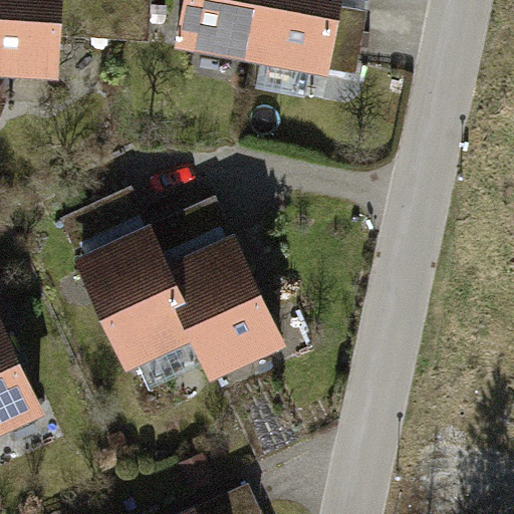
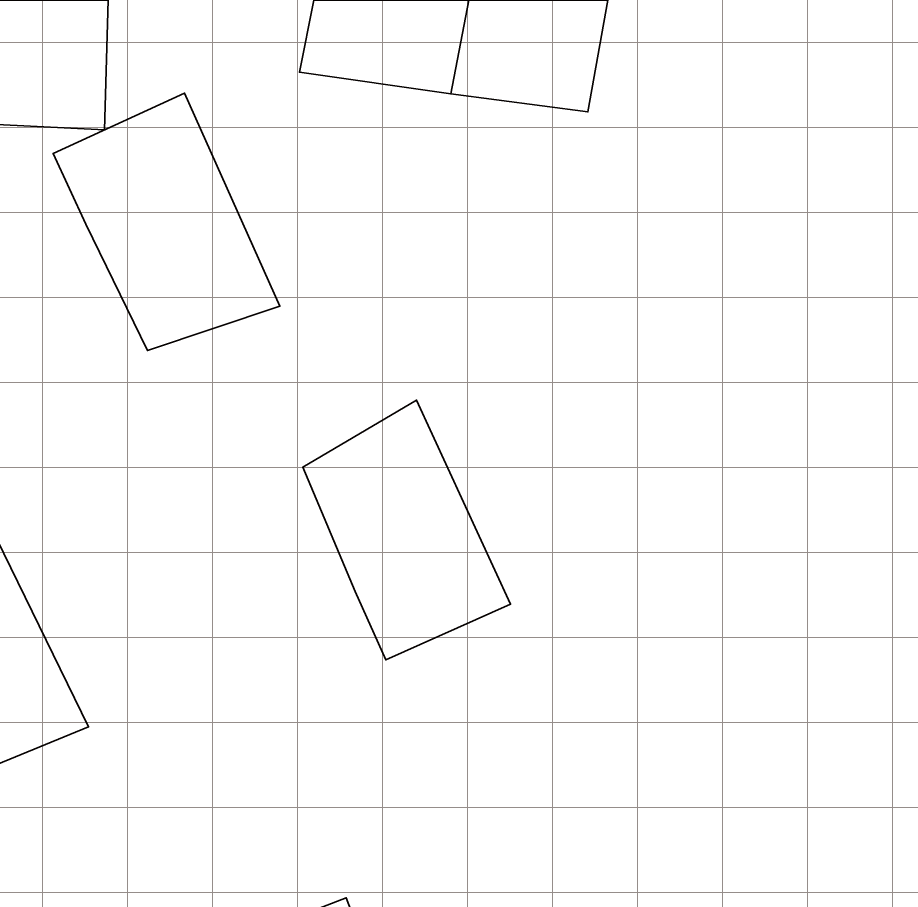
building: none -> [53,93,280,350]
building: [69,222,198,369] -> none

